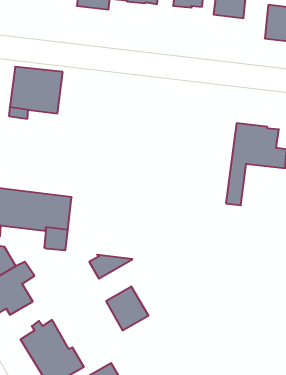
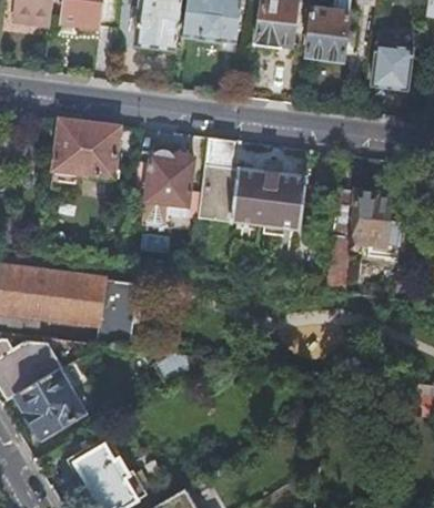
building: none -> [198,136,305,241]
building: none -> [143,152,192,211]
building: [106,286,148,331] -> none

